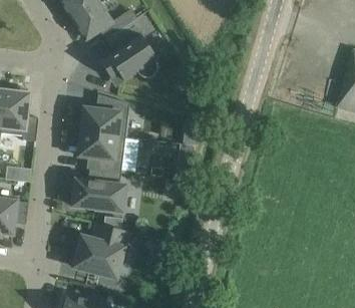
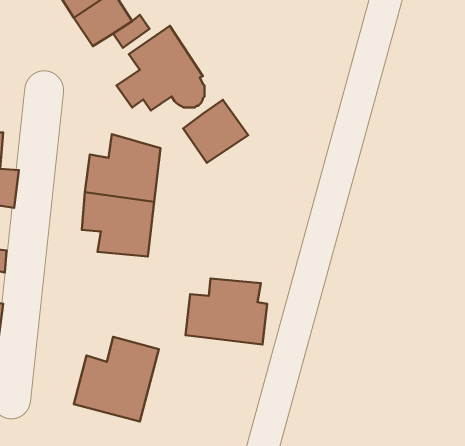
building: none -> [183,100,248,163]
building: [73,170,125,212] -> [185,279,267,345]

